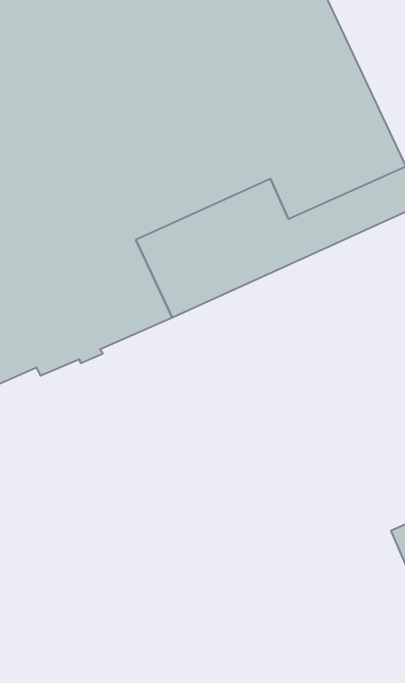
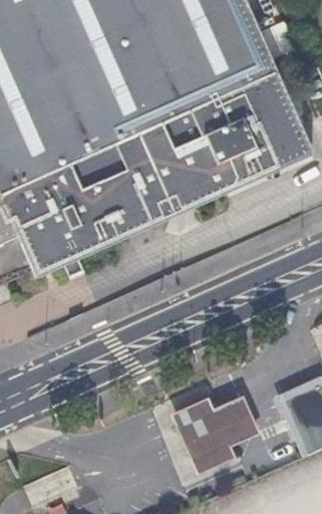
building: none -> [183,390,268,465]

